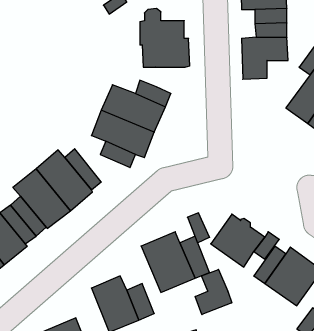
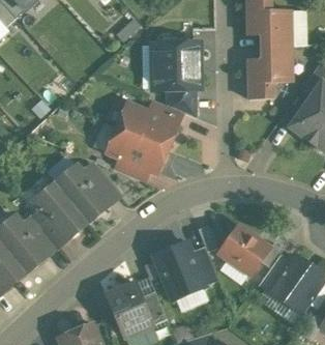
building: none -> [168,87,196,118]
building: [195,269,232,315] -> none

